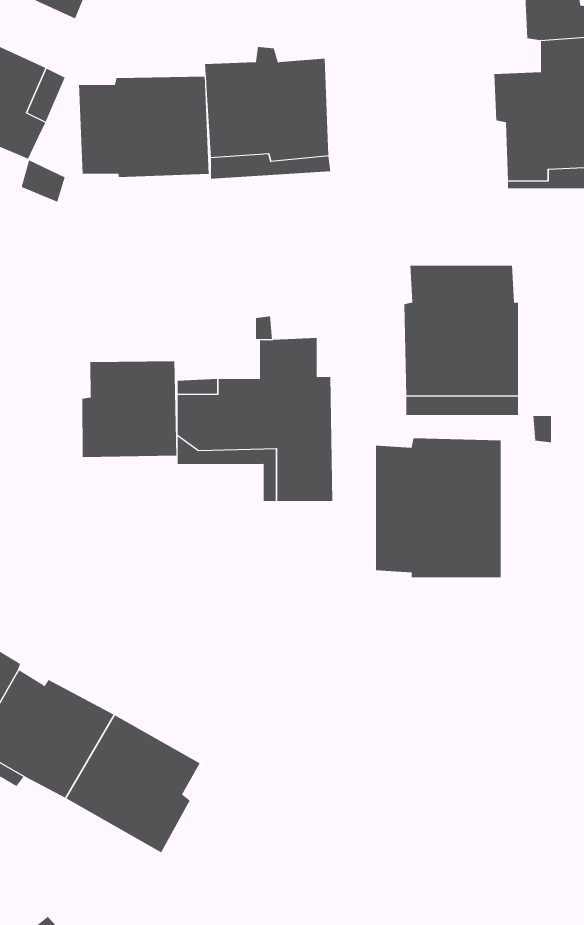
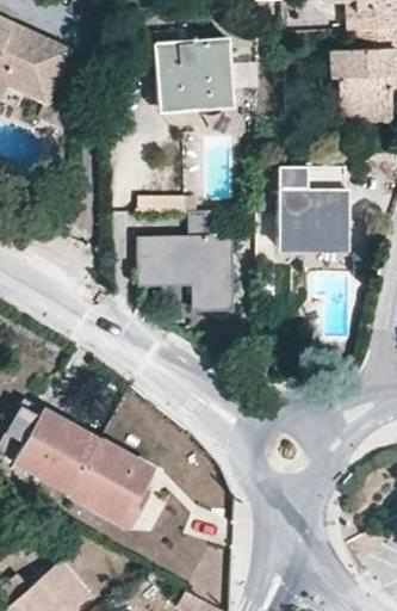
building: [78,76,209,178] -> none
building: [82,360,177,458] -> none
building: [376,438,501,578] -> none

